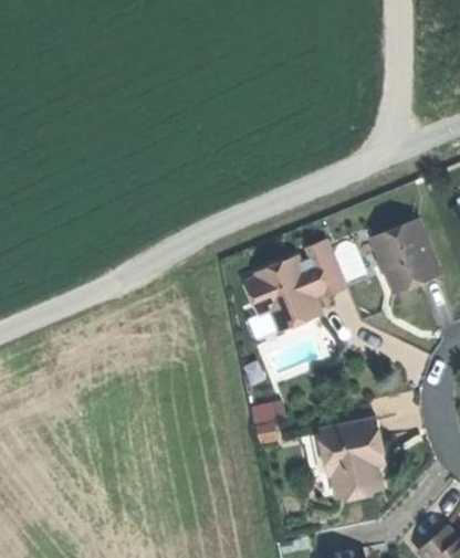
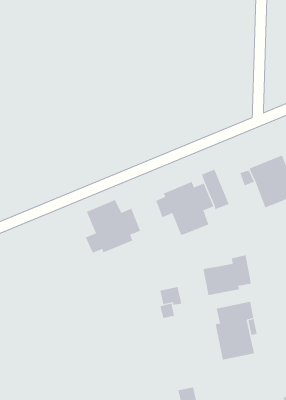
building: none -> [85,199,141,253]
building: none -> [203,255,252,296]

